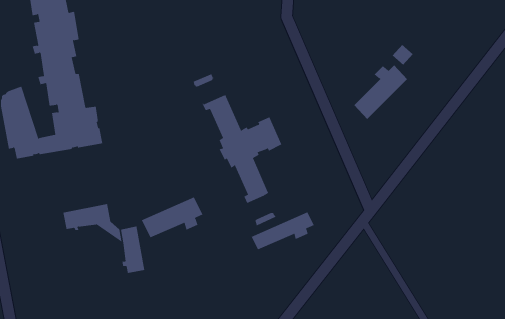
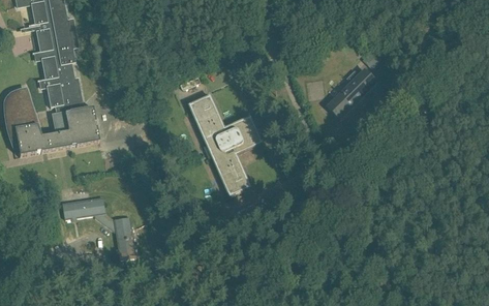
building: [141,197,203,238] -> none
building: [251,212,315,250] -> none

